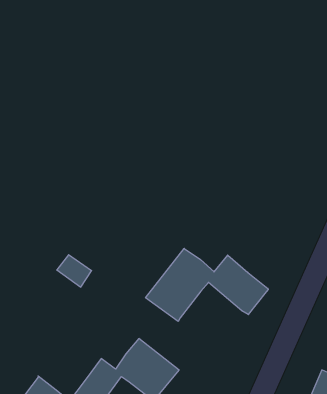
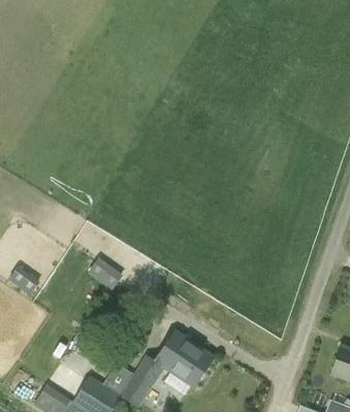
building: [146,248,268,321] -> none

